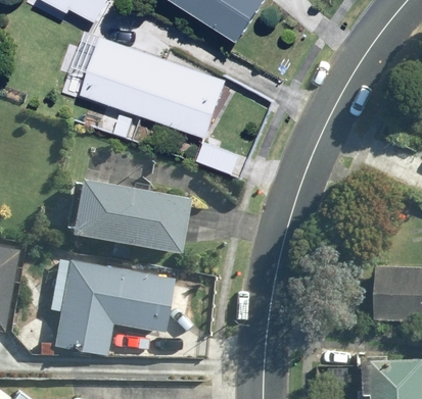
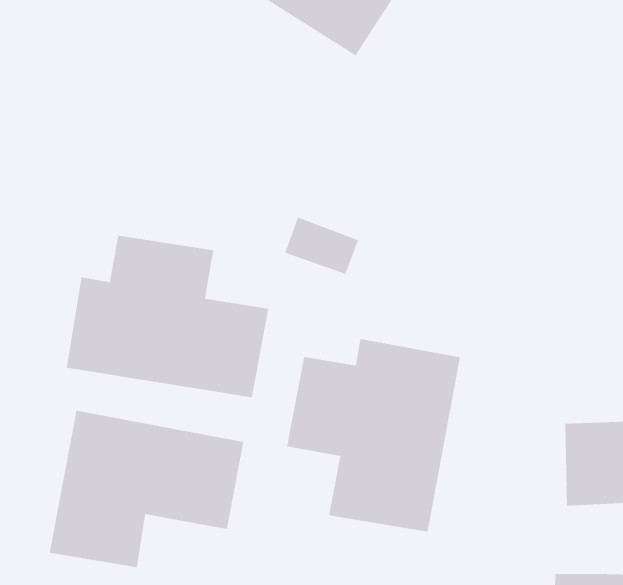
building: [81,38,225,140] -> none
building: none -> [286,338,461,532]

